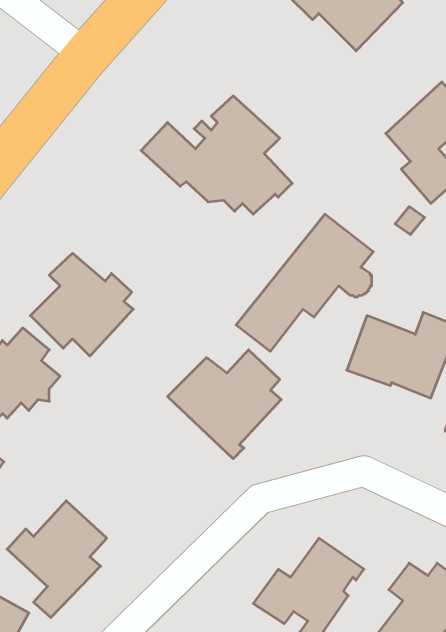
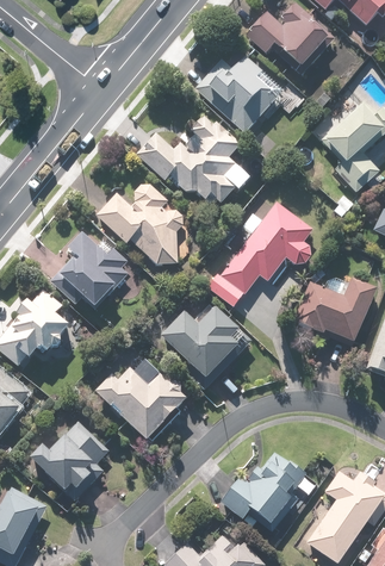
building: none -> [195,56,300,135]
building: none -> [95,182,182,266]
building: none -> [95,367,190,441]

